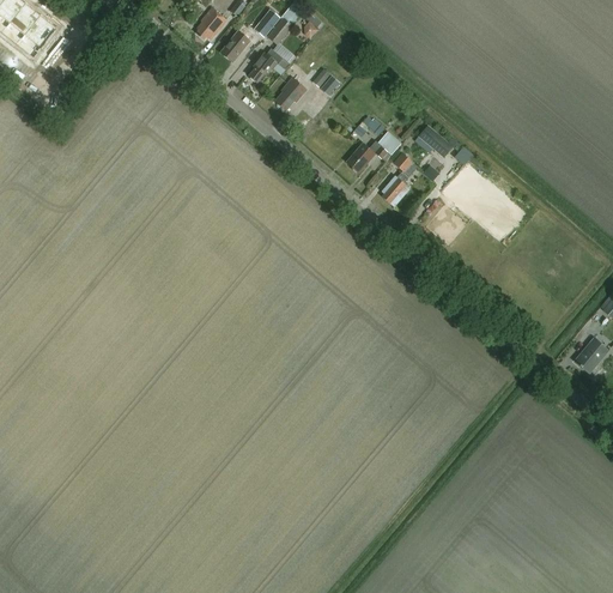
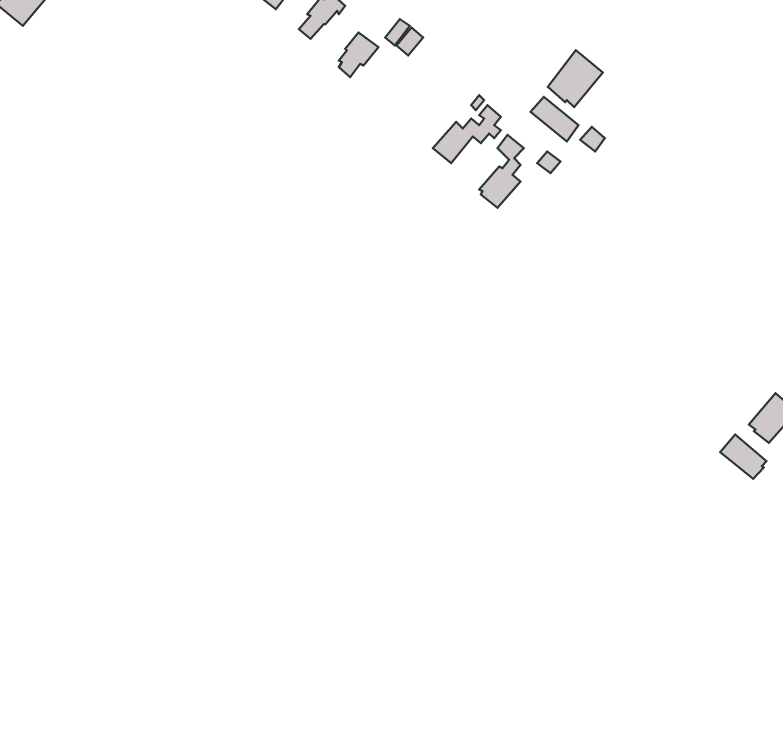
building: none -> [548,50,603,107]
building: none -> [720,435,767,479]

